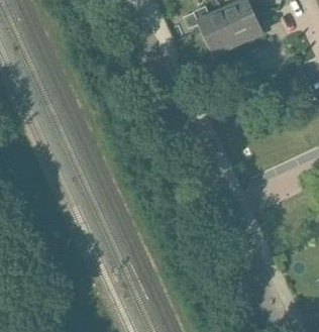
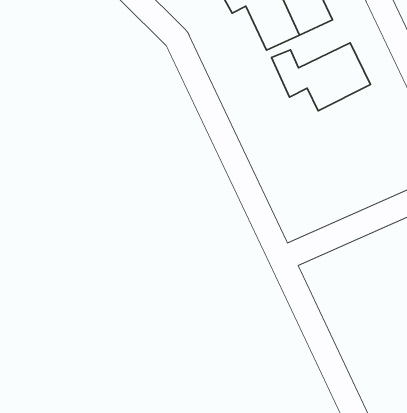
building: none -> [272,43,371,111]

